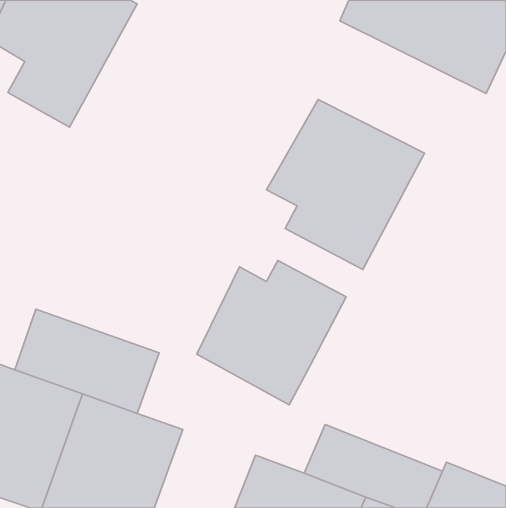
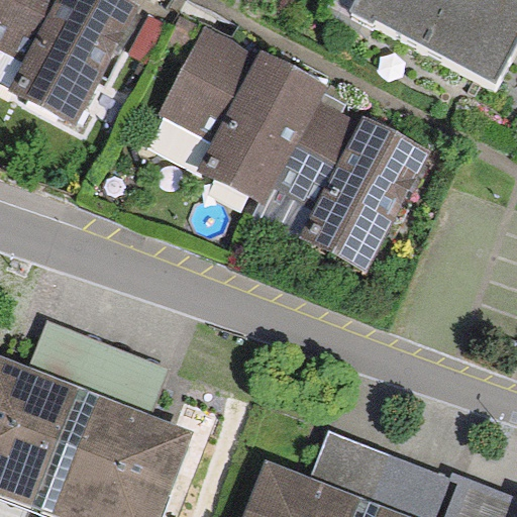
building: none -> [164,31,328,204]
building: [197,260,346,405] -> none

